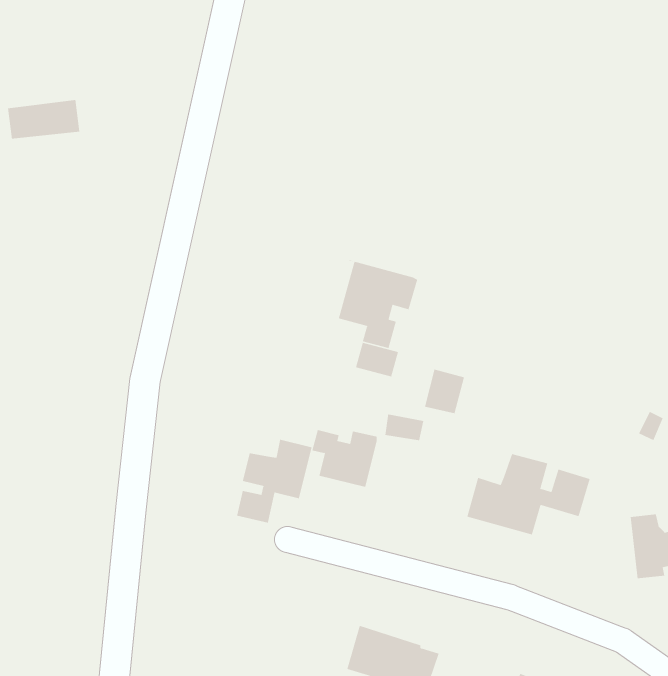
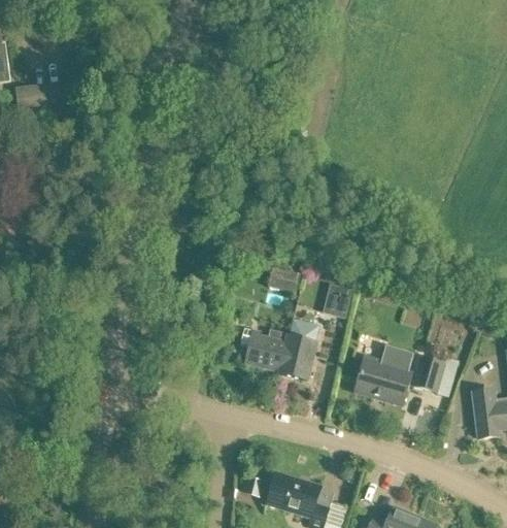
building: [338,260,418,349] -> none
building: [237,439,312,523] -> none
building: none -> [279,336,315,380]

